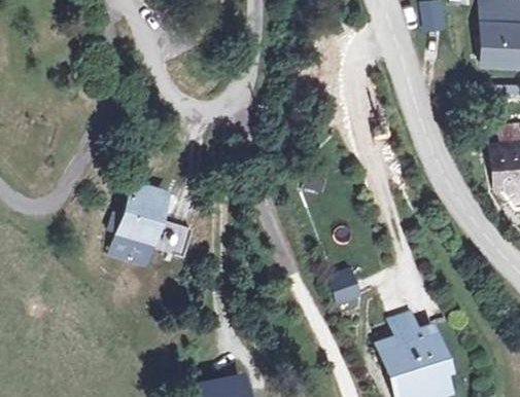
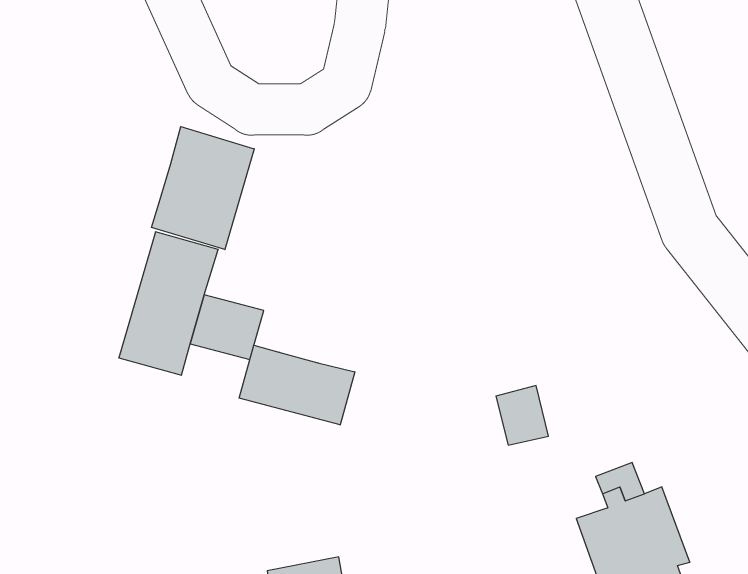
building: none -> [151,127,254,250]
building: none -> [239,345,355,425]

